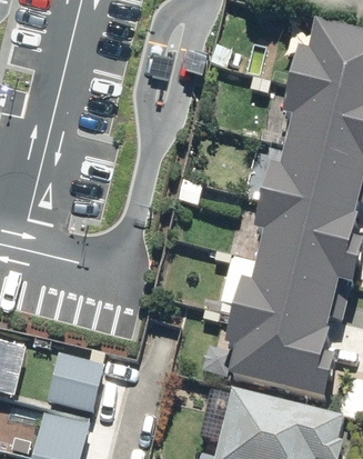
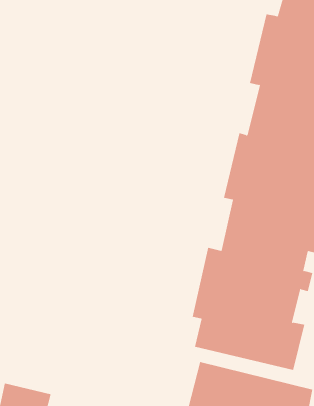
building: [43,349,102,410] -> none

